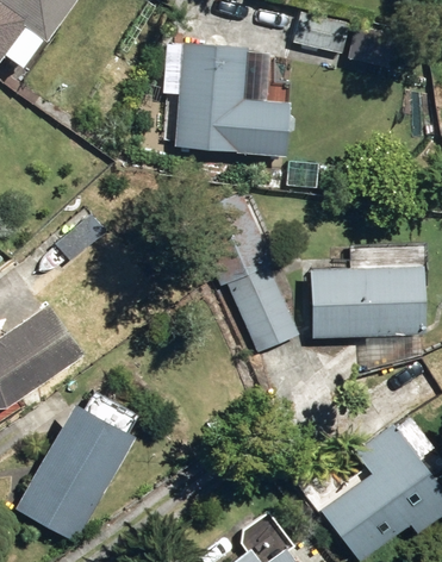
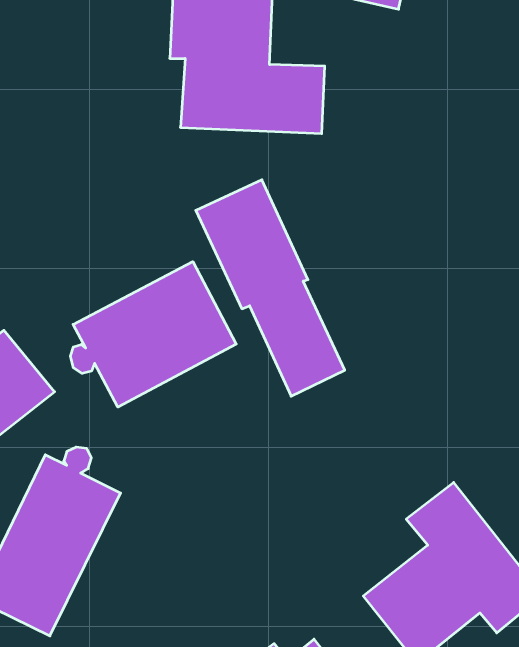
building: none -> [70,262,236,407]
building: [306,266,430,374] -> none

